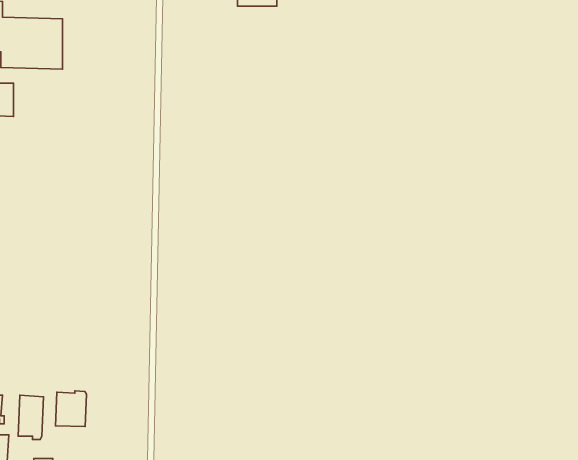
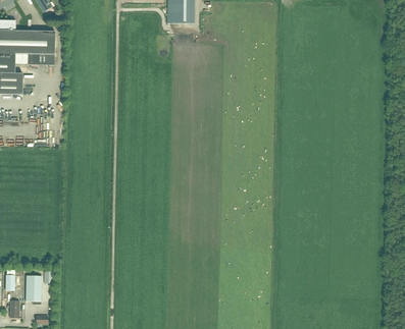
building: [55,391,87,426] -> none

